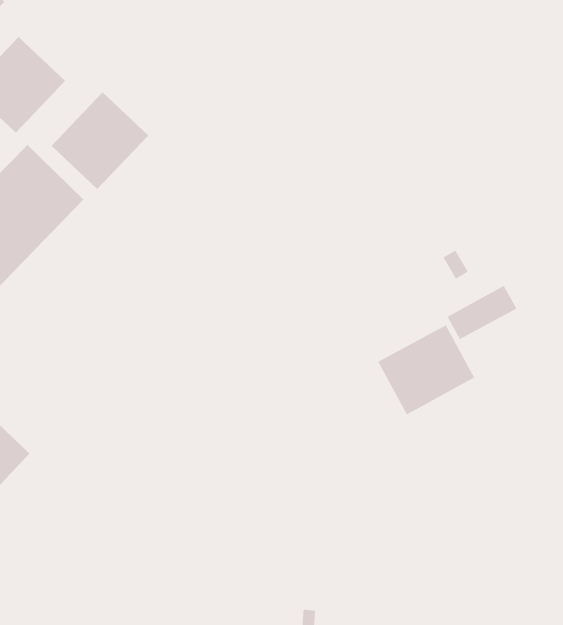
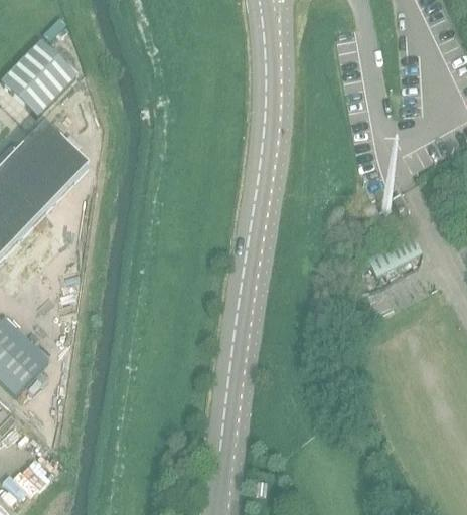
building: [51,92,149,190] -> none
building: [377,324,475,415] -> none

